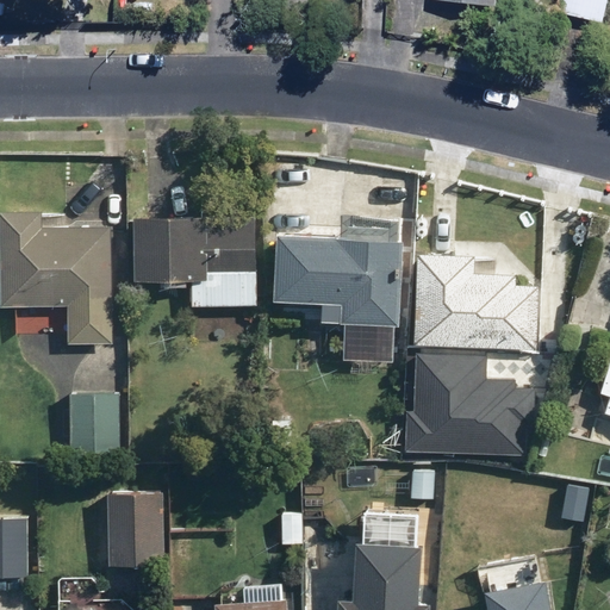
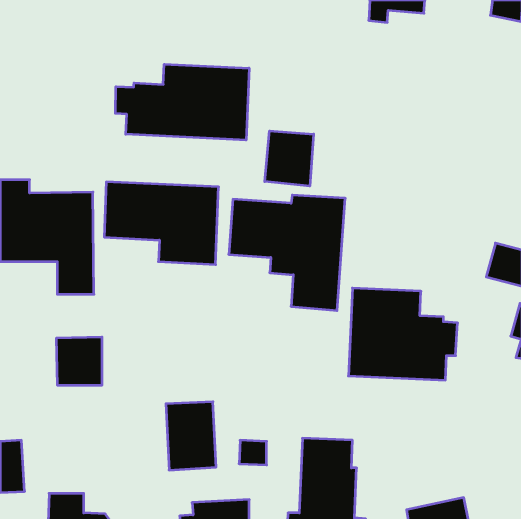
building: none -> [115,64,249,140]
building: none -> [265,131,314,186]
building: [413,249,540,340] -> none
building: [106,491,164,571] -> [166,402,216,470]

